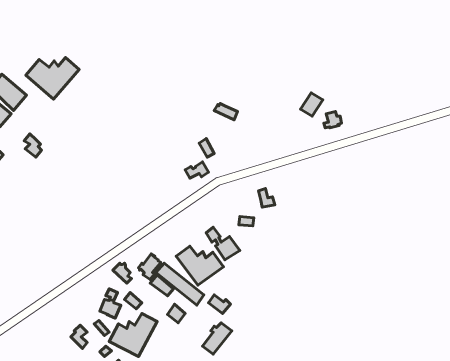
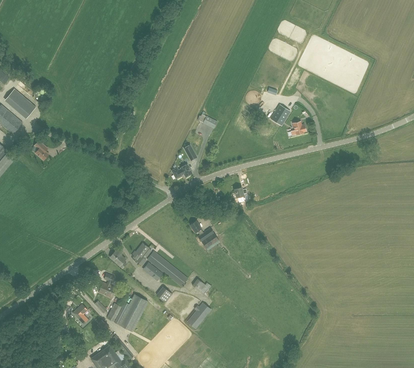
building: [26,58,79,99] -> none
building: [176,246,224,285] -> none

